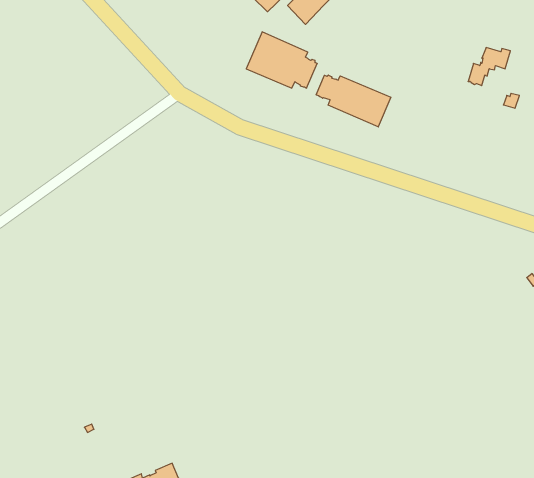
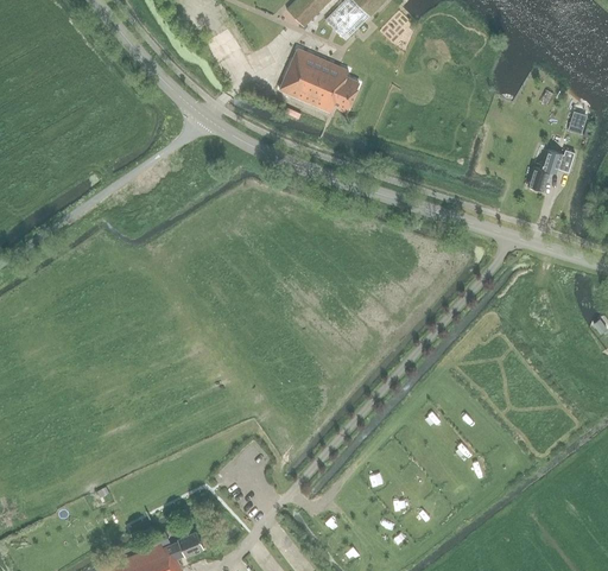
building: [468,48,510,86] -> [527,148,575,191]
building: [316,75,391,127] -> none

